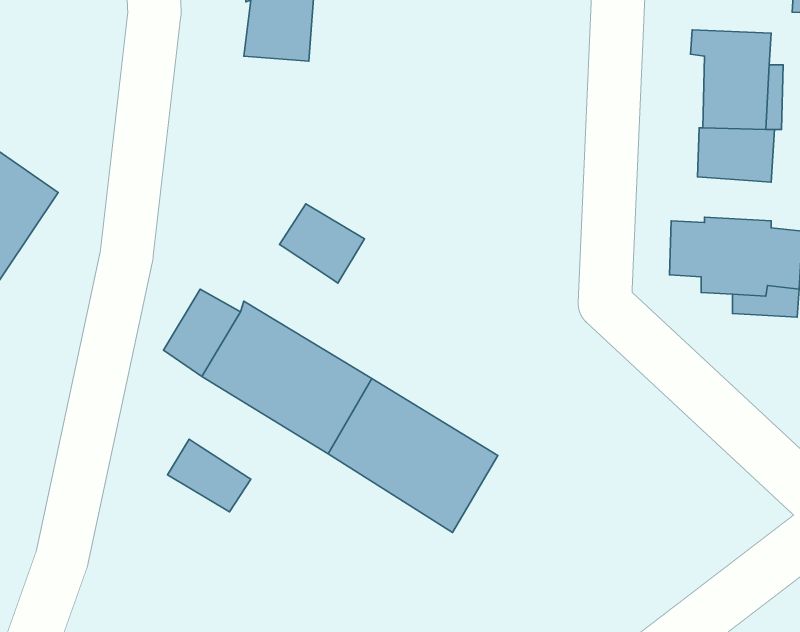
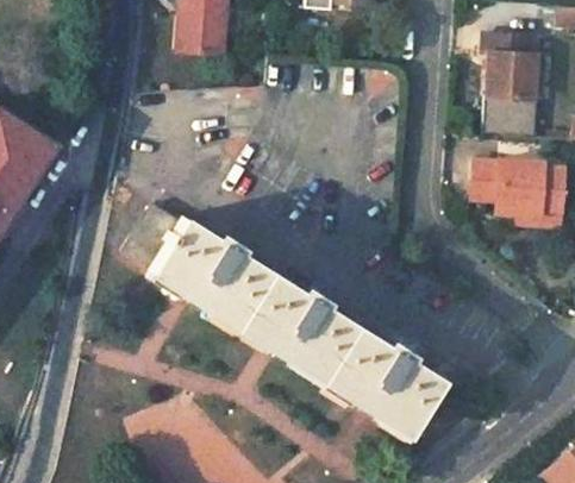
building: [280,204,364,283] -> none
building: [168,439,251,512] -> none
building: none -> [320,325,437,429]

